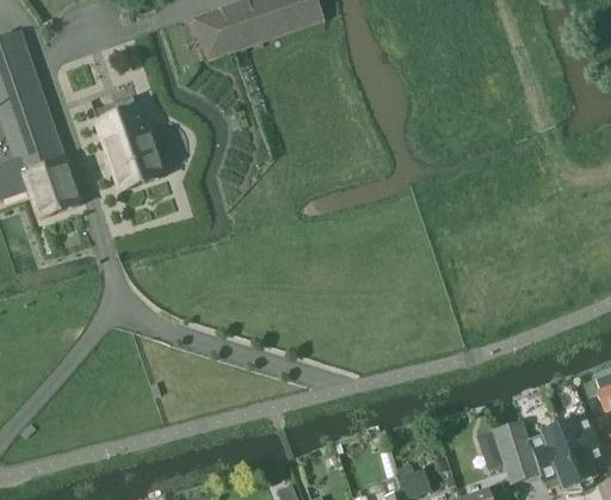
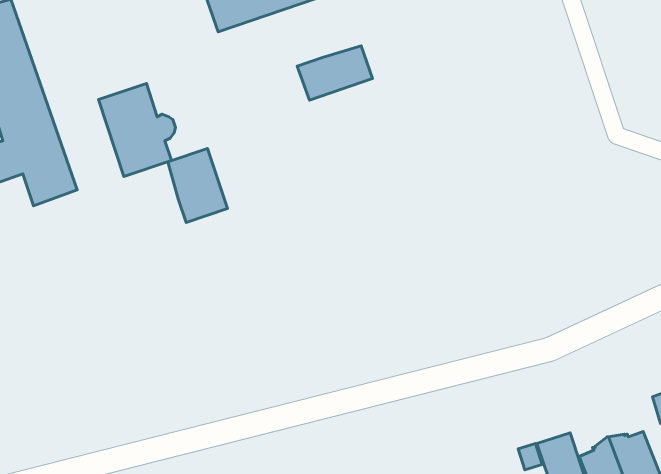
building: none -> [297,46,372,100]
building: none -> [168,149,227,223]

